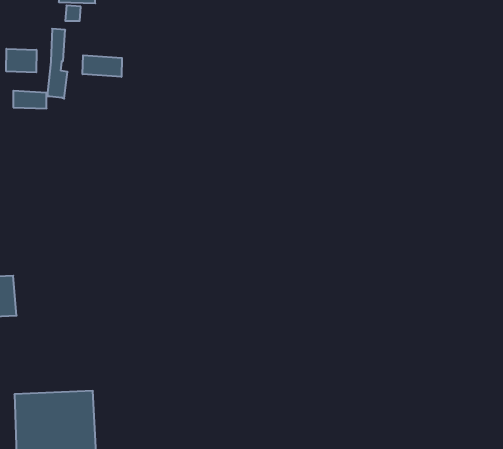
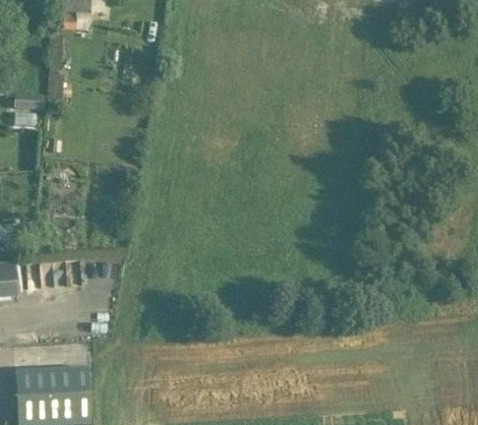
building: [6,49,36,72] -> none
building: [83,55,122,77] -> none

